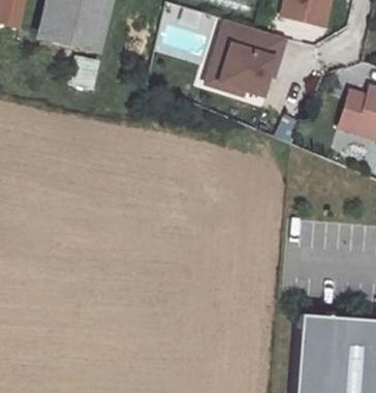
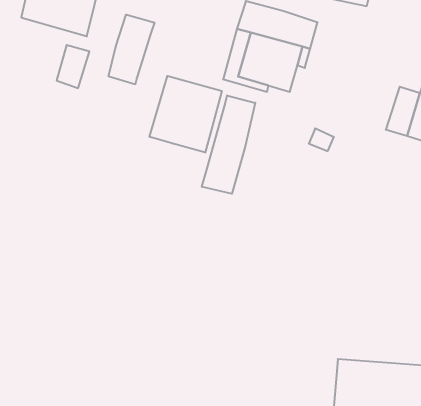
building: none -> [109,15,154,84]
building: none -> [150,76,222,153]
building: none -> [202,95,255,194]

